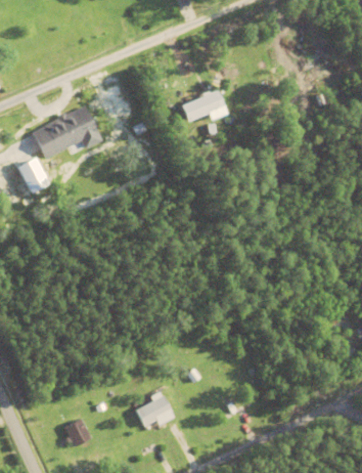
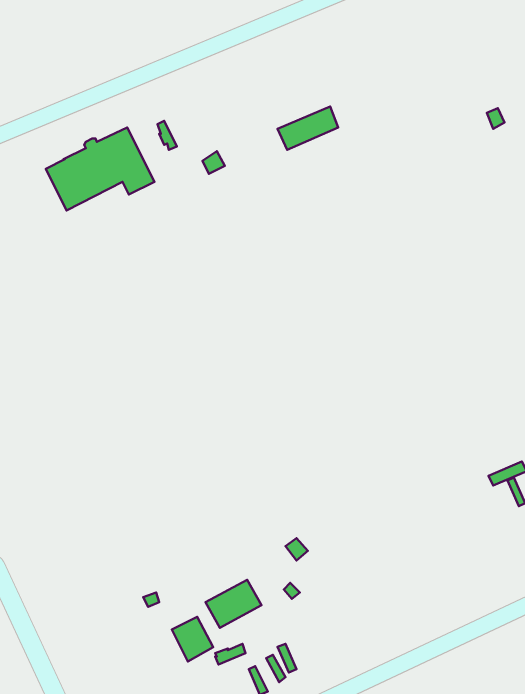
building: [17,159,48,195] -> none
building: [64,420,91,448] -> [172,617,213,661]

